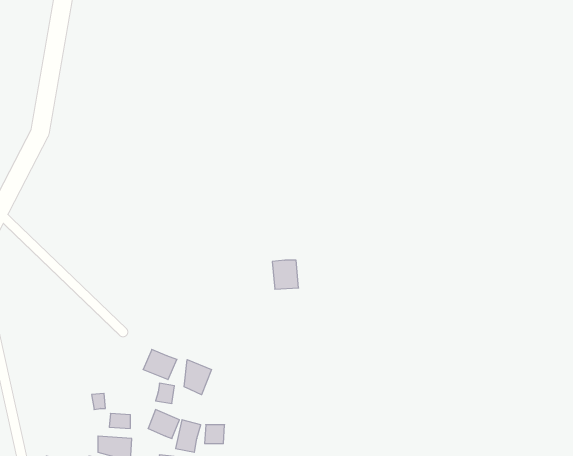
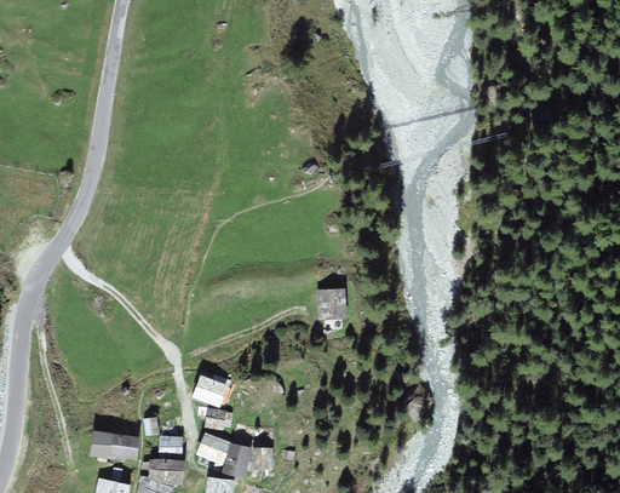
building: [184,360,212,395] -> none
building: none -> [93,432,137,458]

